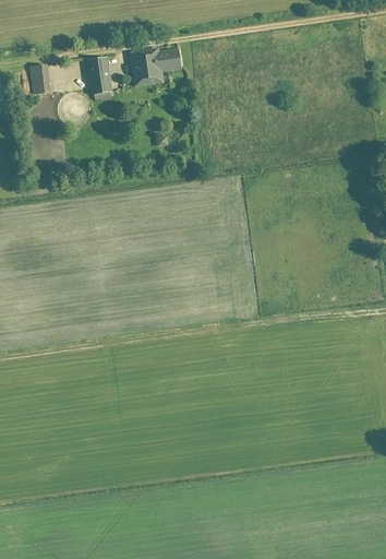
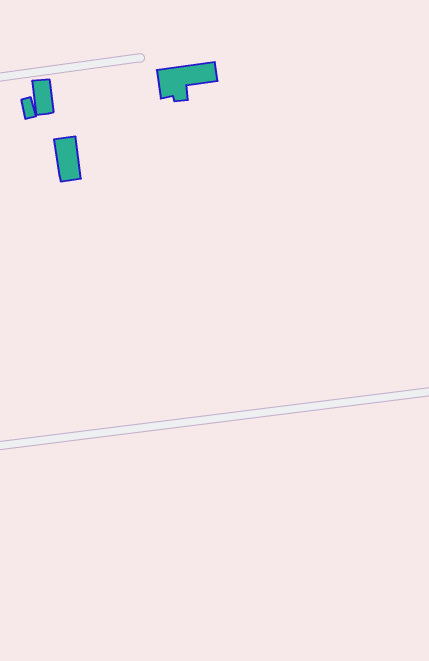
building: [89,57,111,93] -> [54,137,81,181]

